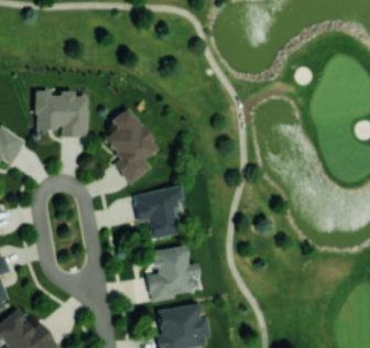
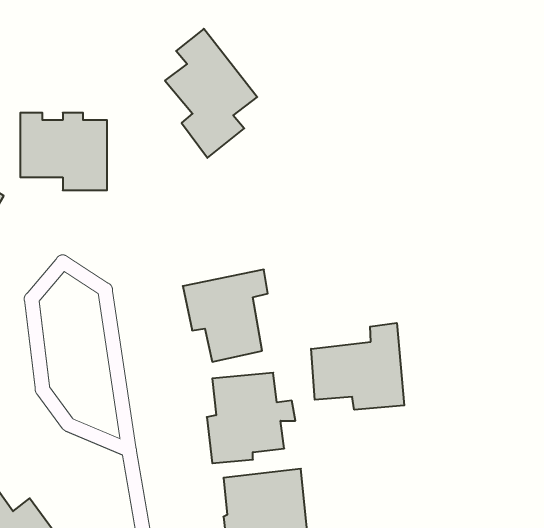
building: [105,108,160,185] -> [165,29,257,158]
building: none -> [311,323,404,410]

